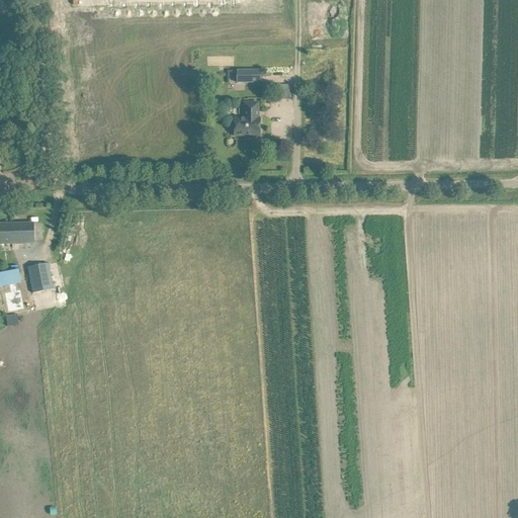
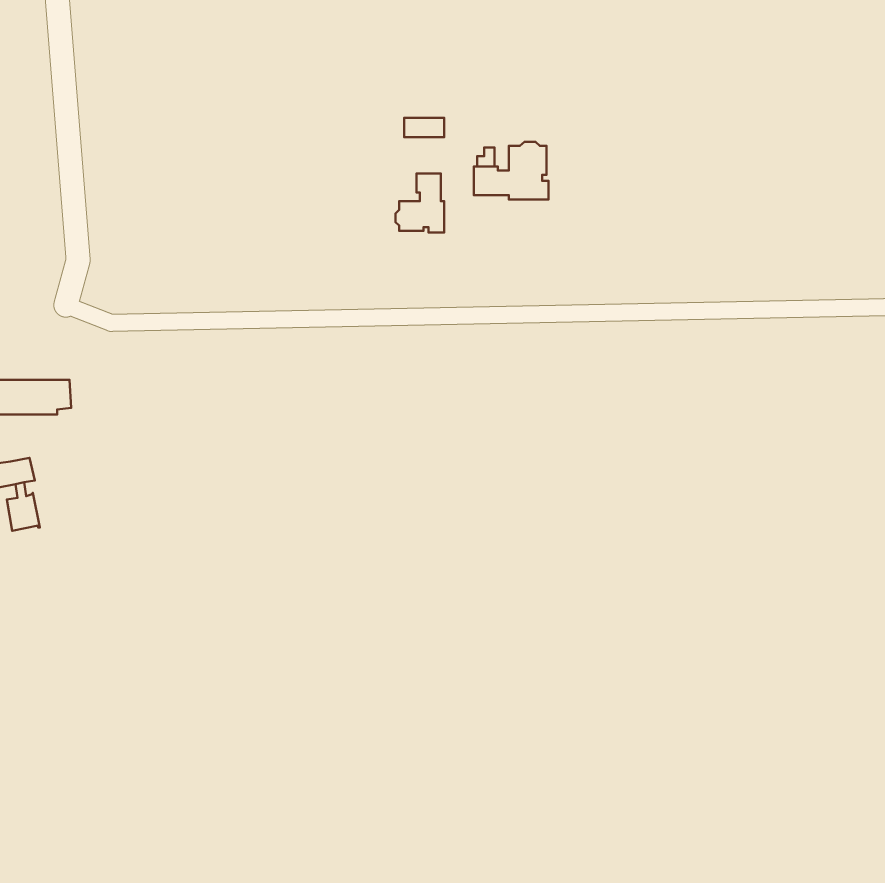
building: none -> [474,142,549,199]
building: [26,261,54,291] -> none

